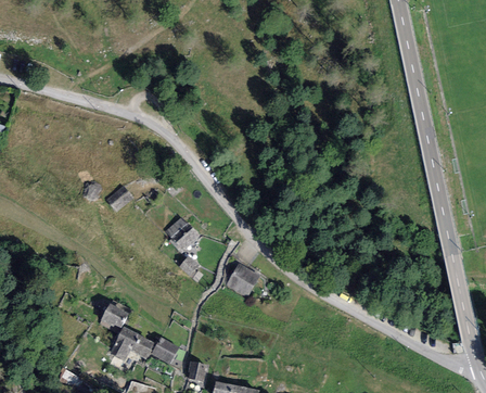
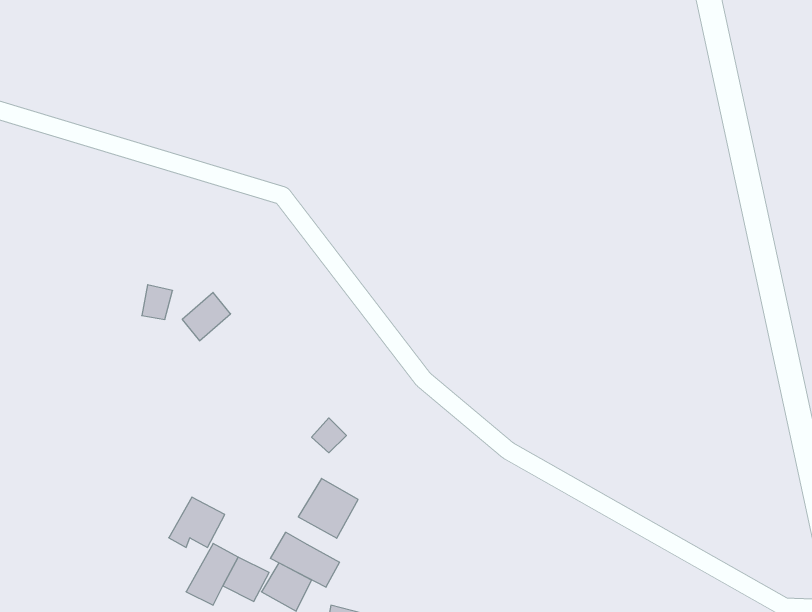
building: [165,218,200,253] -> none
building: [226,264,259,297] -> [298,478,358,538]
building: none -> [270,532,339,587]

